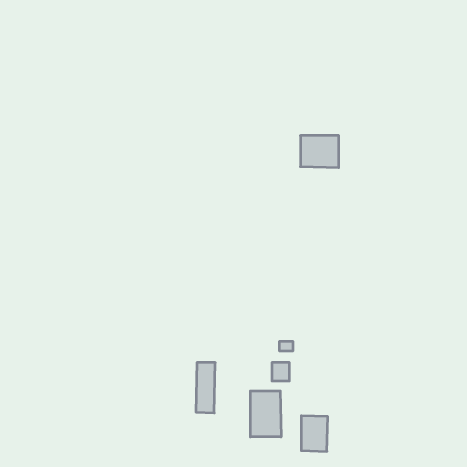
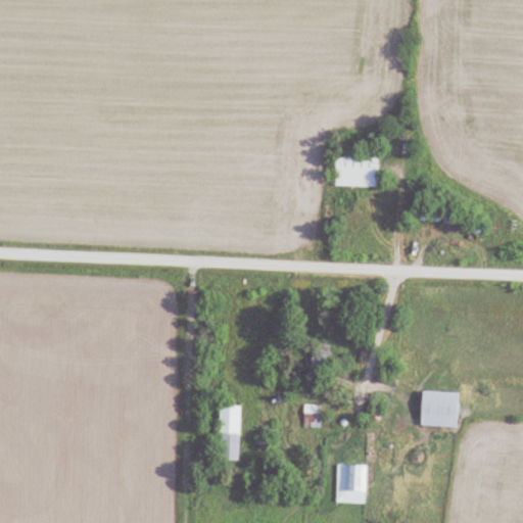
building: none -> [420,390,458,427]
building: [250,391,281,437] -> none

